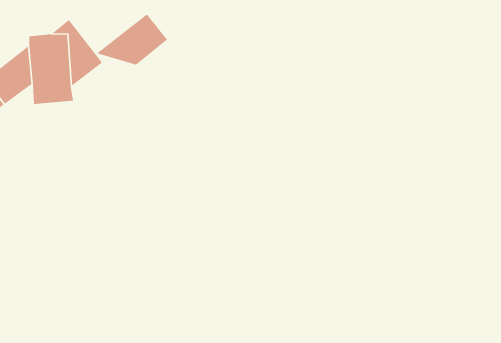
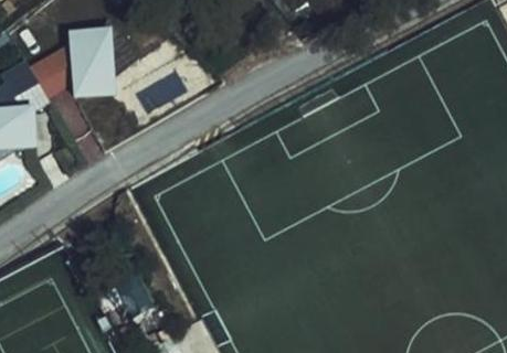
building: [96,14,168,66] -> none

